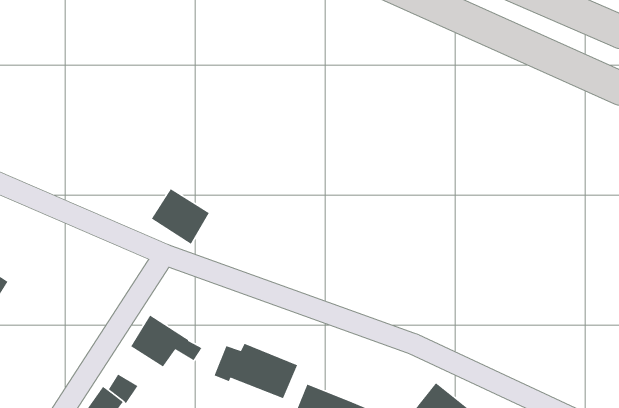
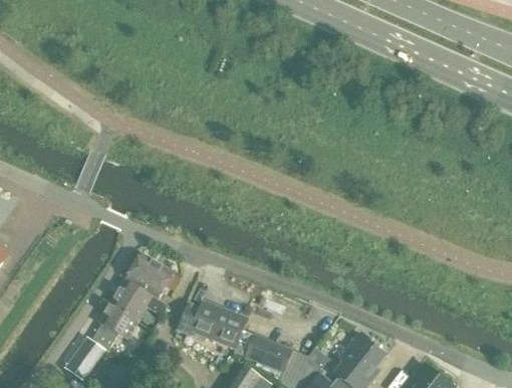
building: [151,188,210,245] -> [125,253,174,300]
building: none -> [98,305,137,339]

